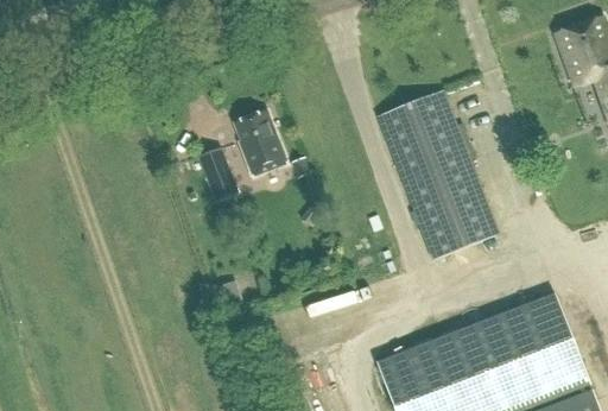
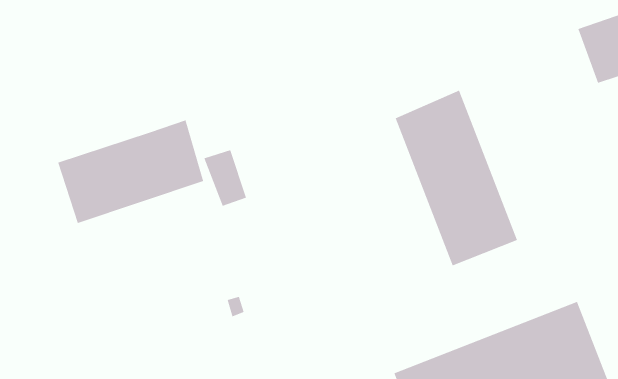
building: [234,109,287,177] -> none
building: none -> [57,120,204,224]

